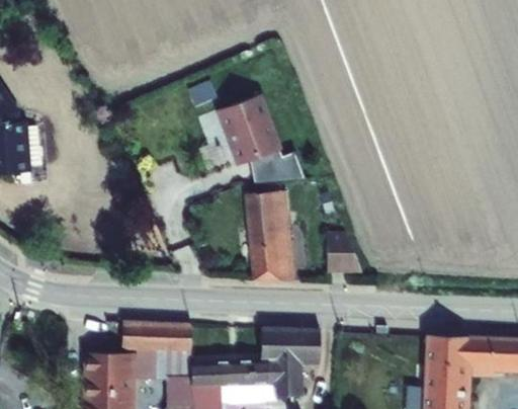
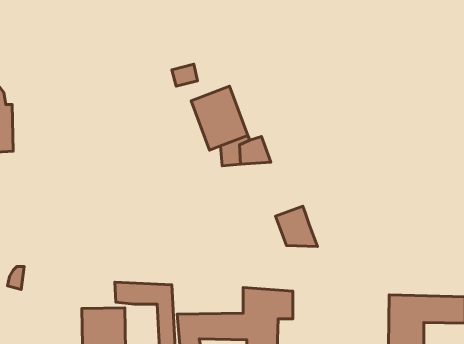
building: [240,199,285,288] -> none
building: [151,344,178,380] -> none

